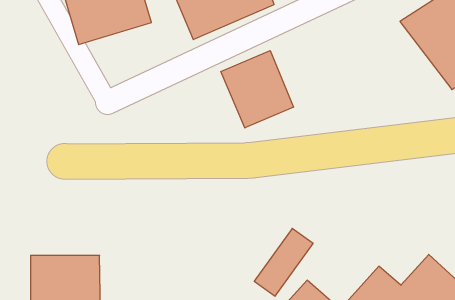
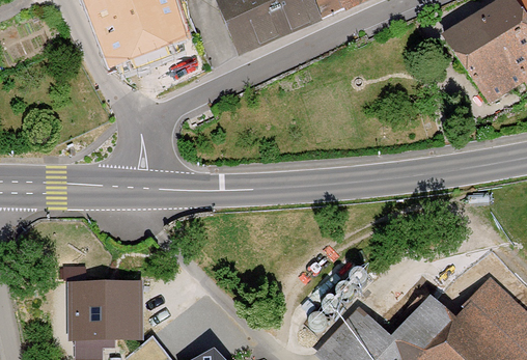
building: [221,51,293,128] -> none

